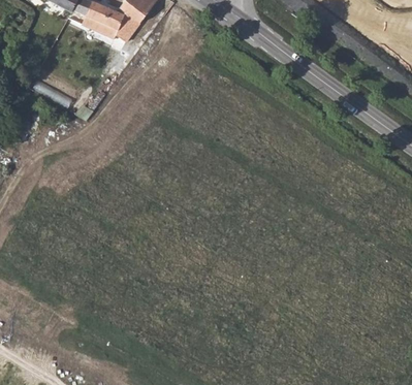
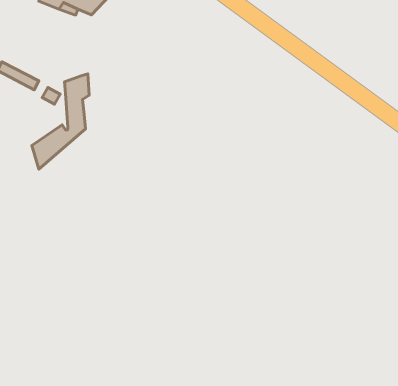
building: none -> [32,74,89,169]

